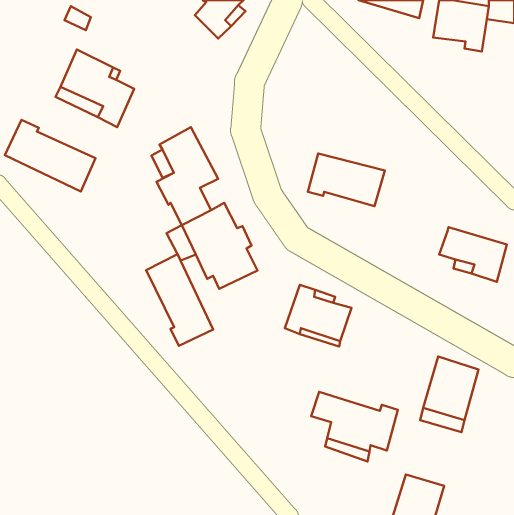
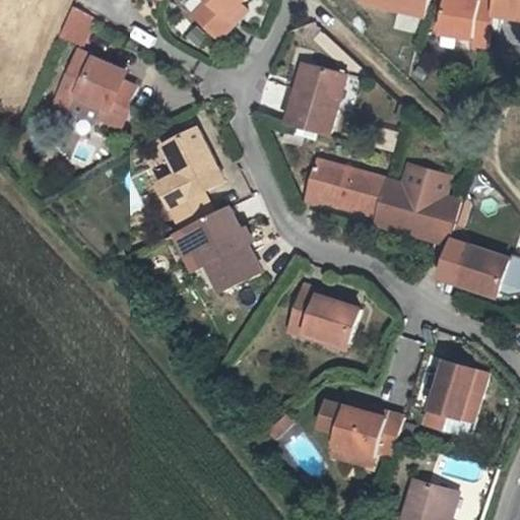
building: none -> [288,66,347,137]
building: [5,120,95,191] -> none
building: none -> [376,169,462,234]
building: [146,254,213,346] -> none

